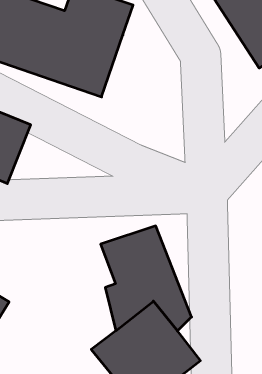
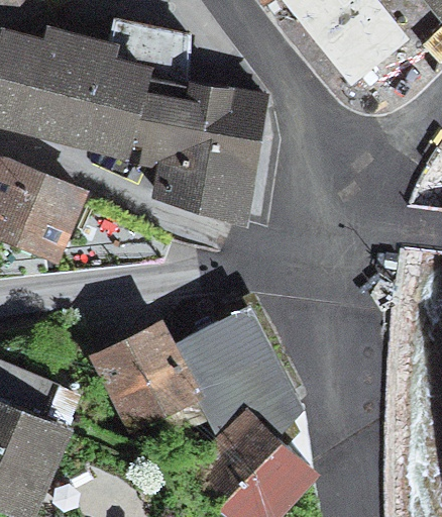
building: none -> [159,74,272,215]
building: none -> [83,316,208,429]

